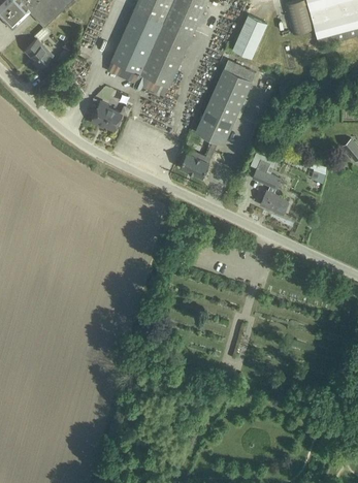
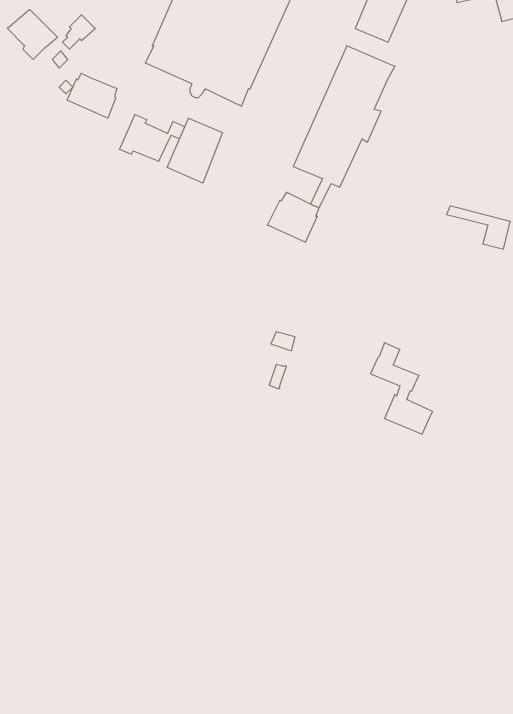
building: none -> [67,73,117,118]
building: none -> [167,118,223,183]
building: [252,159,289,214] -> [371,343,433,434]

